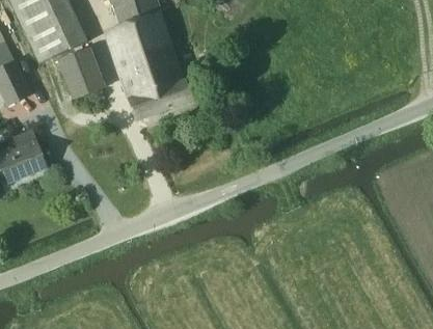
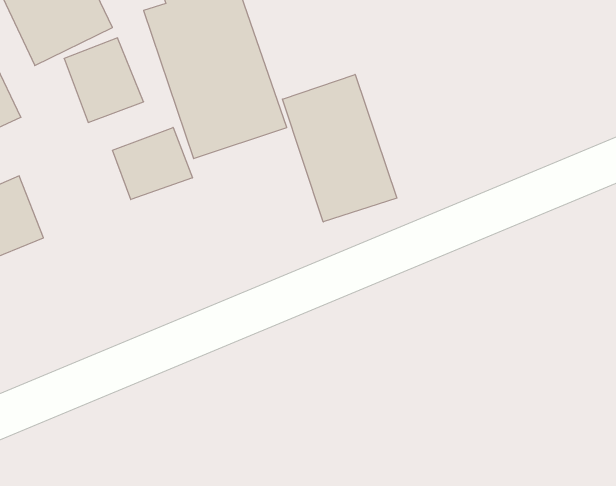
building: none -> [282,74,397,222]
building: none -> [112,127,192,200]

